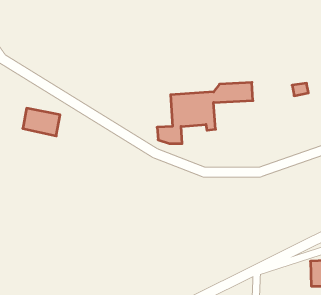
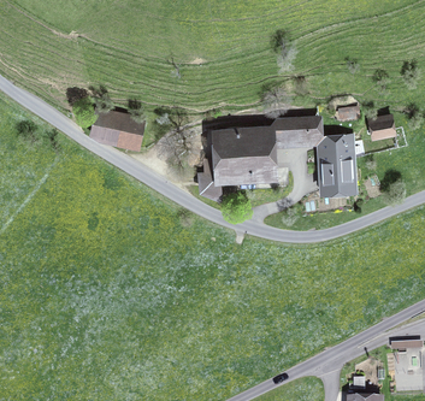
building: none -> [321,138,352,189]
building: [23,108,60,136] -> [94,110,141,145]

